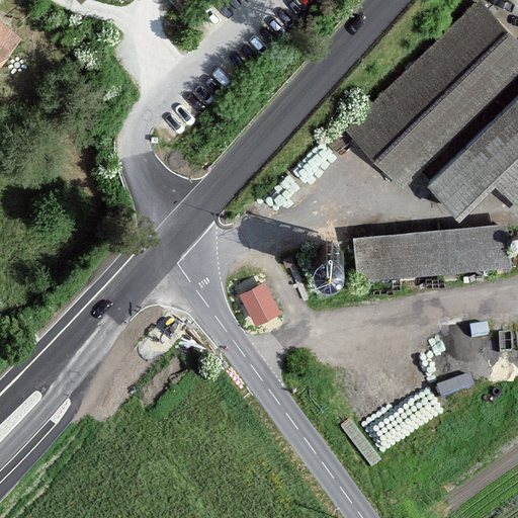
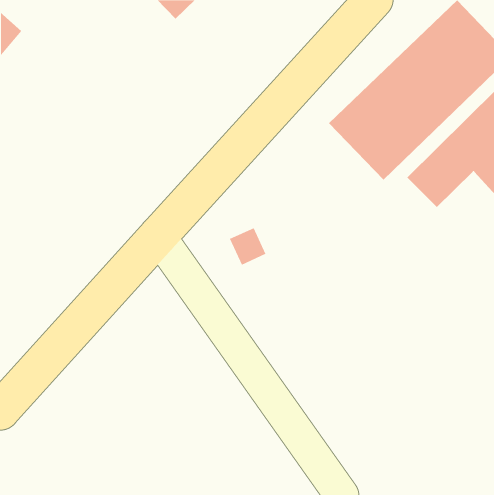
building: [352,224,513,281] -> none
building: [241,284,280,325] -> [229,227,267,266]

